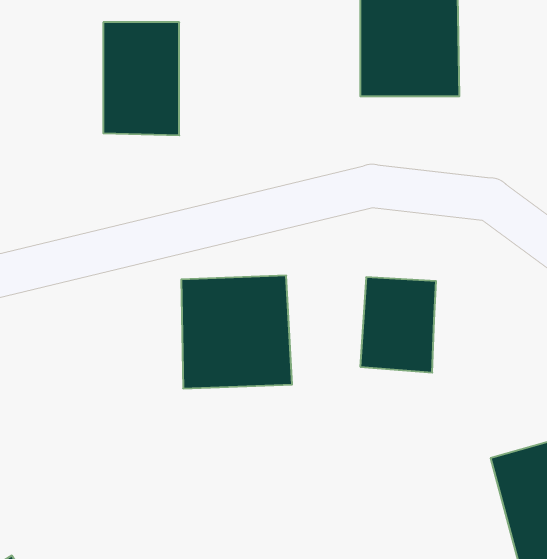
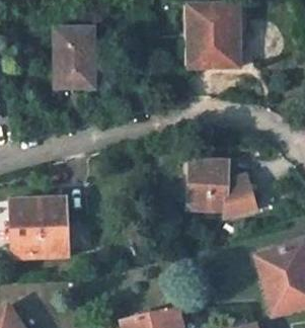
building: [181,276,292,388] -> [11,198,69,257]
building: none -> [226,176,255,217]

